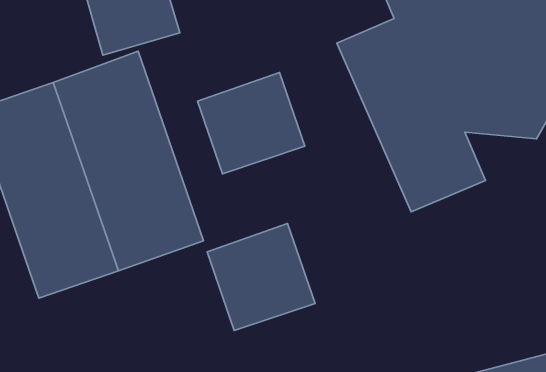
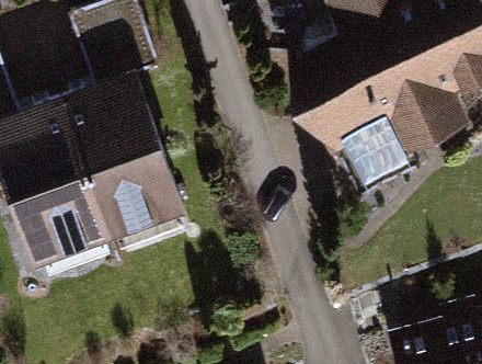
building: [197,72,305,174] -> none
building: [207,223,315,331] -> none

